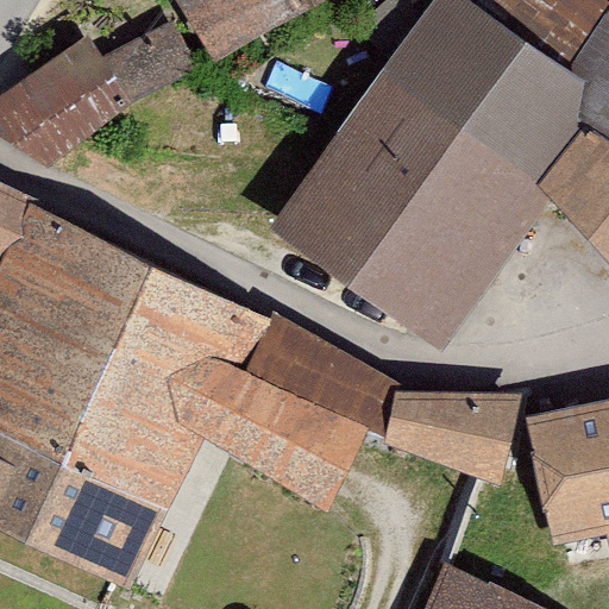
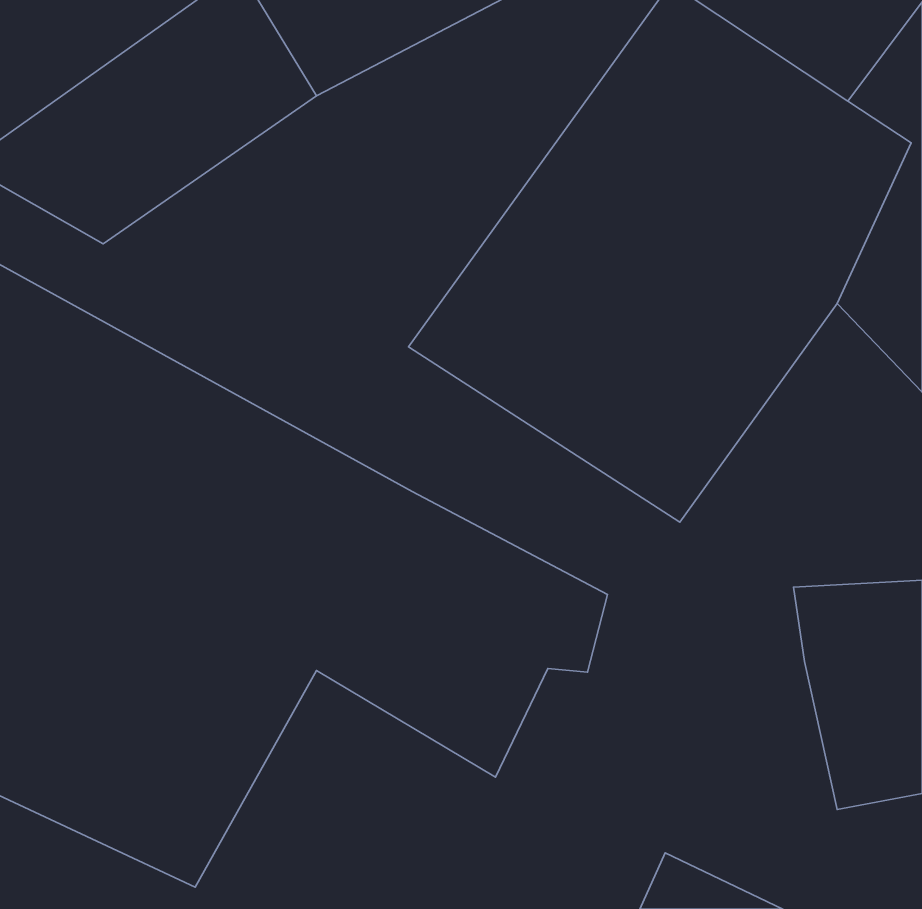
building: [387,387,529,484] -> none

